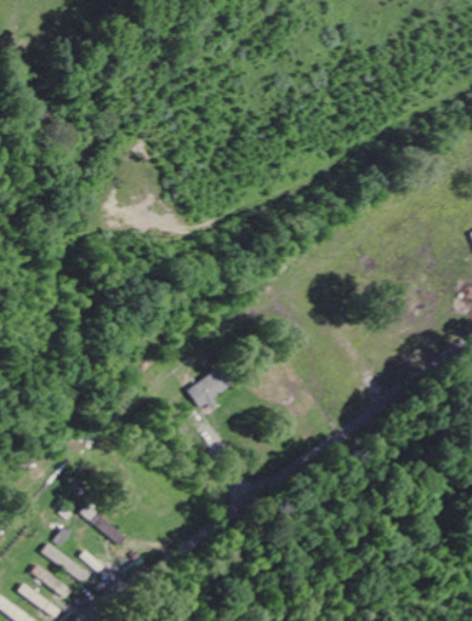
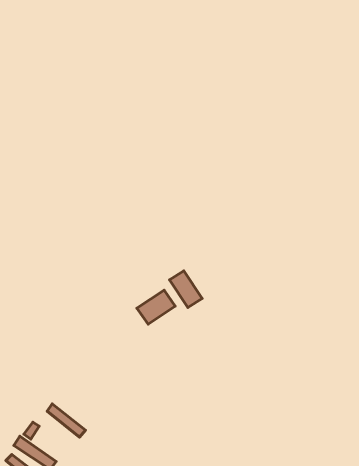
building: none -> [170,271,202,307]

